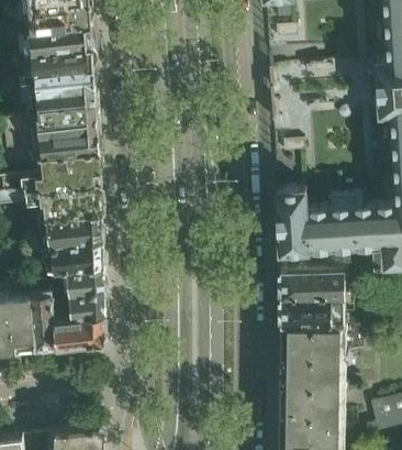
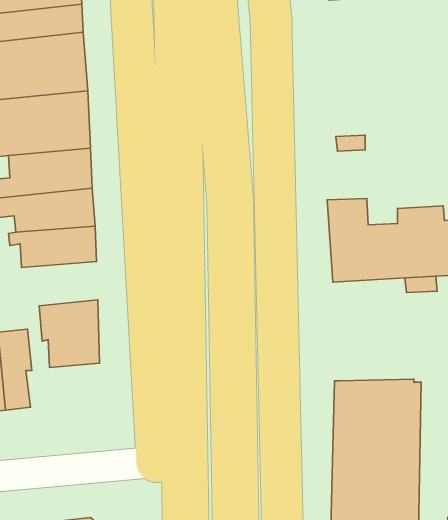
building: [40,234,104,268] -> none
building: [280,265,345,323] -> none
building: [51,310,105,343] -> none

